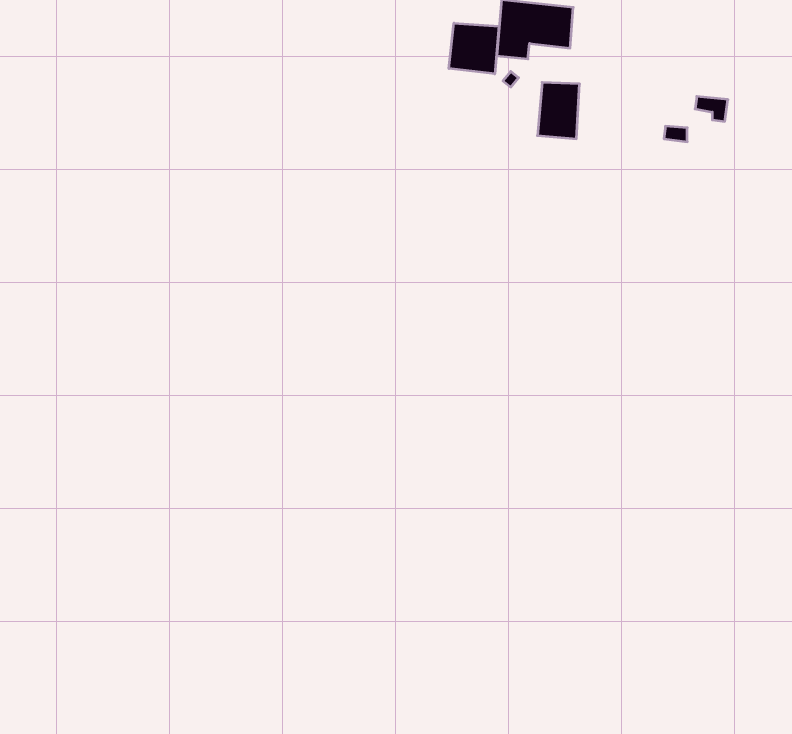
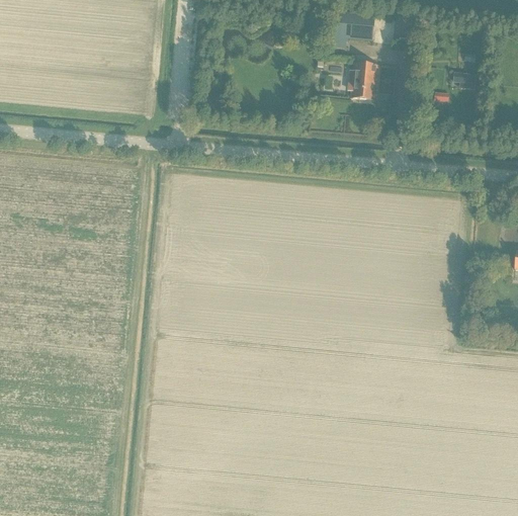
building: [449,23,499,74] -> none

